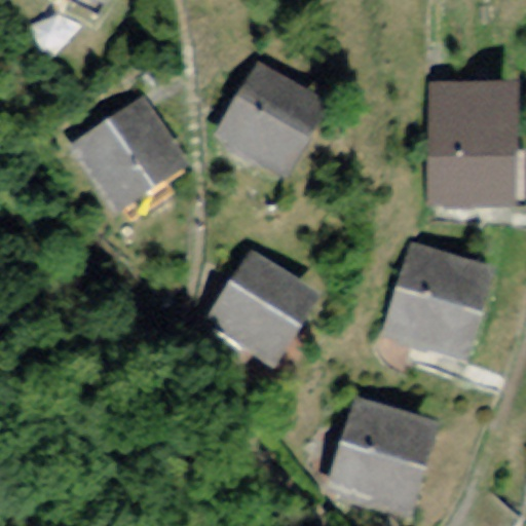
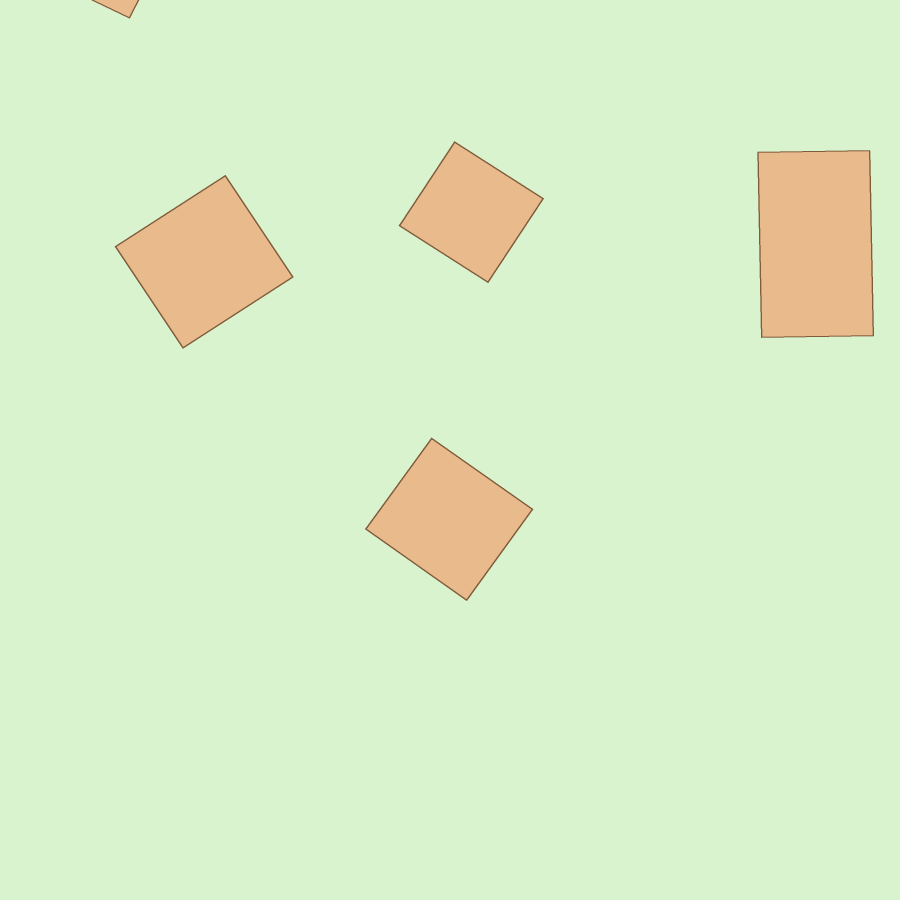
building: [401,255,486,347] -> none
building: [344,406,433,502] -> none

